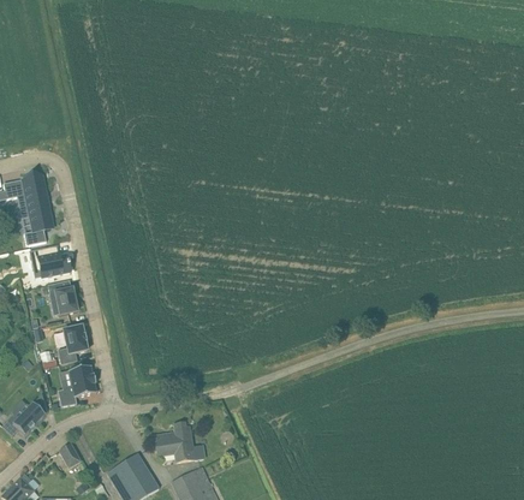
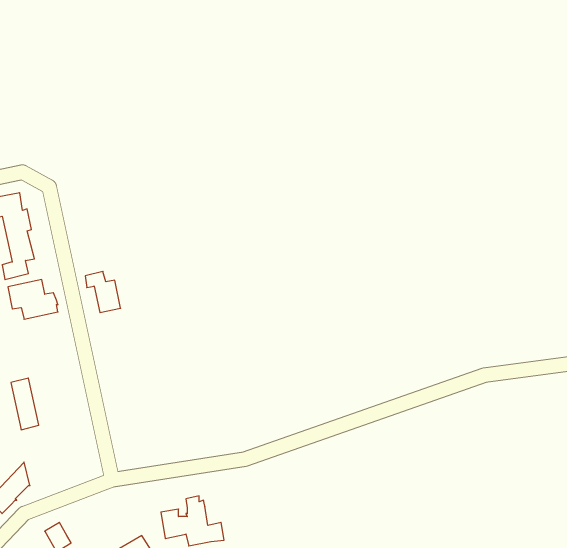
building: [47,281,76,315] -> [85,271,121,313]
building: [56,326,85,364] -> none
building: [56,365,96,406] -> none

